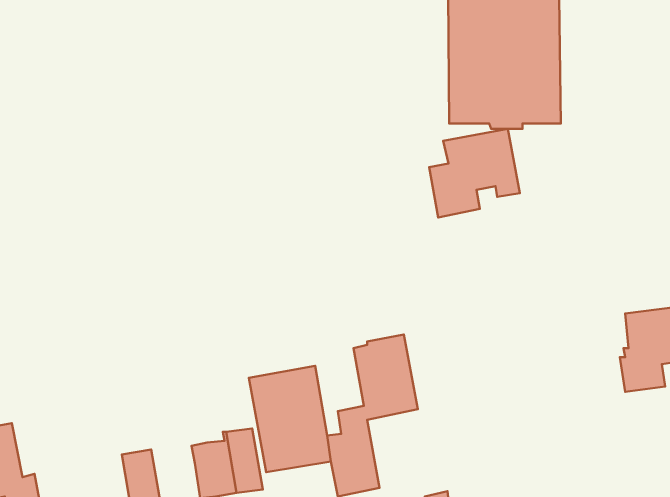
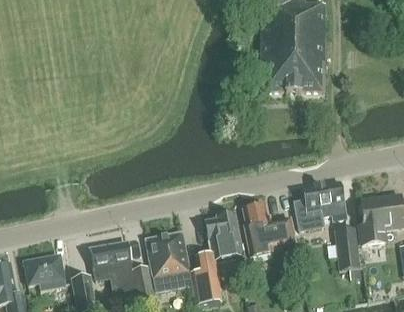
building: [429,129,520,218] -> [294,179,346,230]
building: none -> [244,203,296,255]
building: none -> [335,225,361,269]
building: none -> [92,242,132,277]
building: none -> [26,253,64,289]

